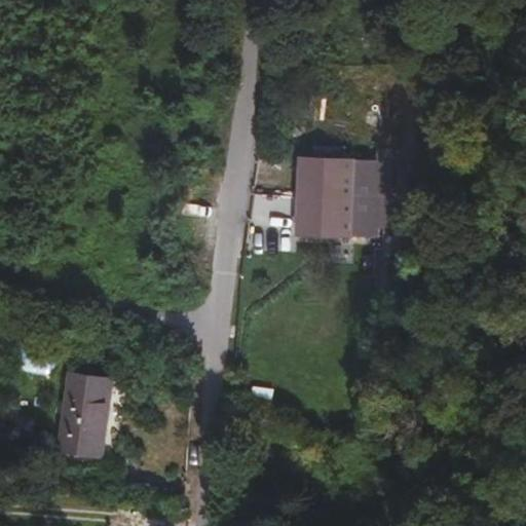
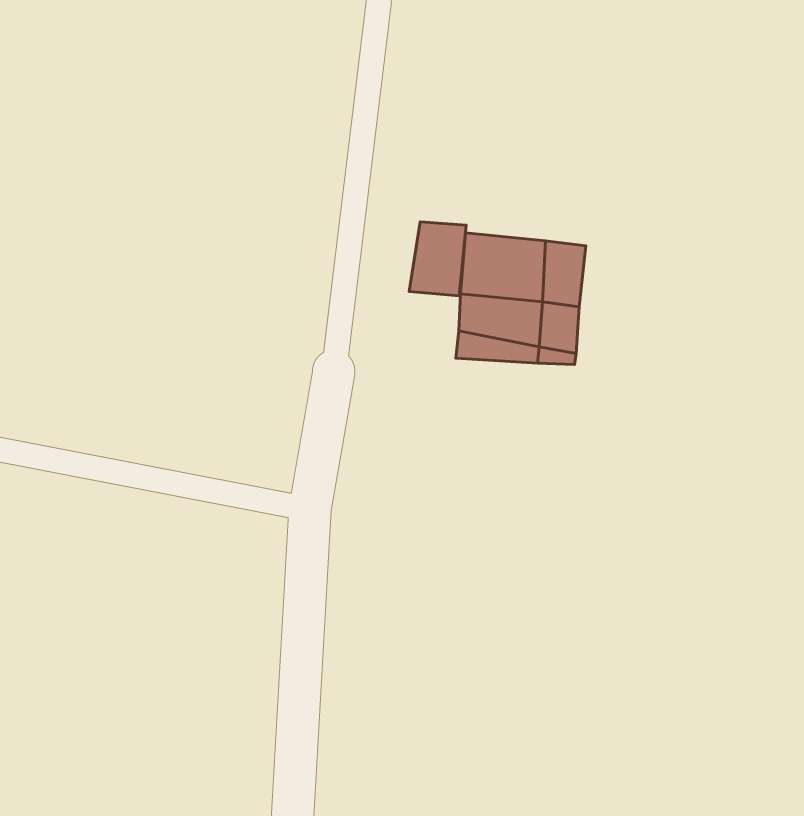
building: none -> [409,222,466,296]
building: [66,384,114,460] -> none

